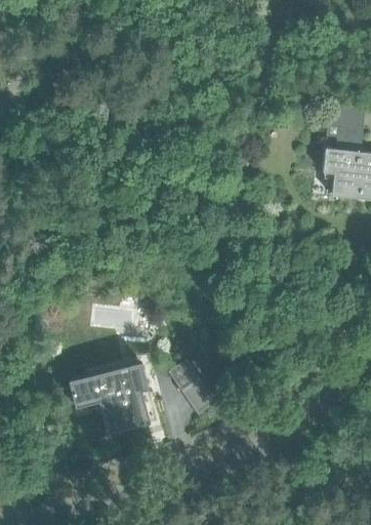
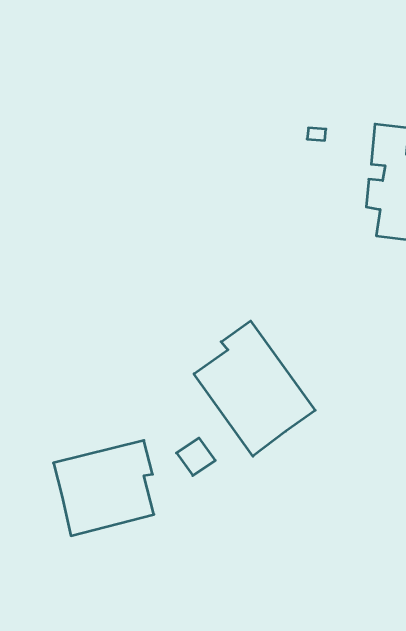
building: none -> [194,321,315,456]

